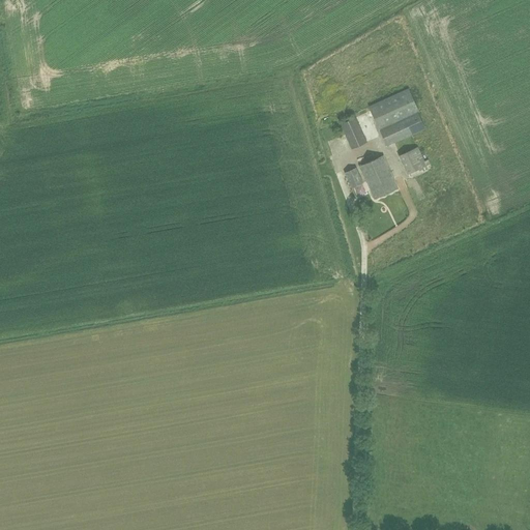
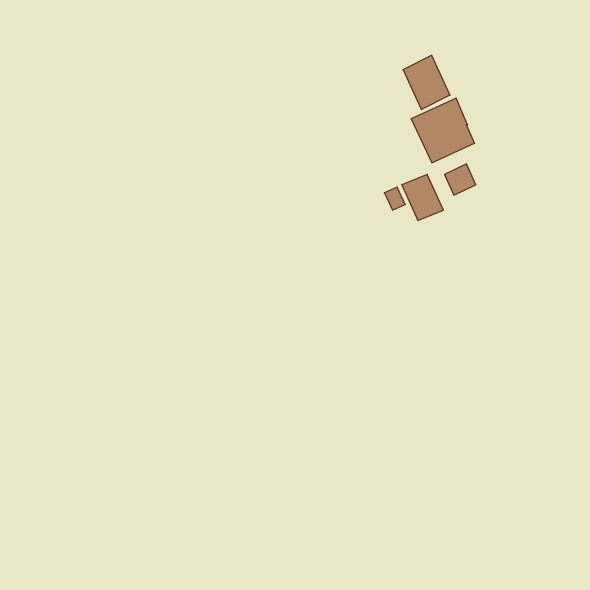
building: none -> [403,55,450,110]
building: [341,117,366,149] -> none

